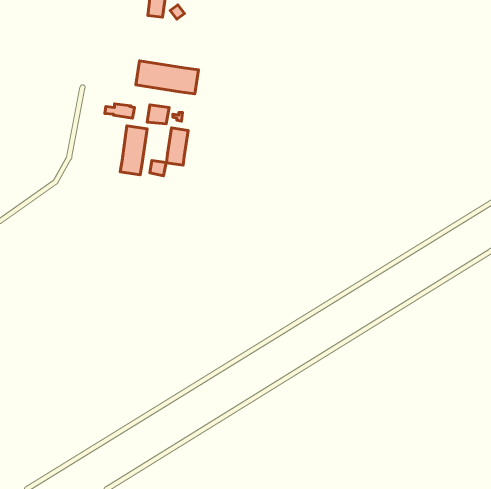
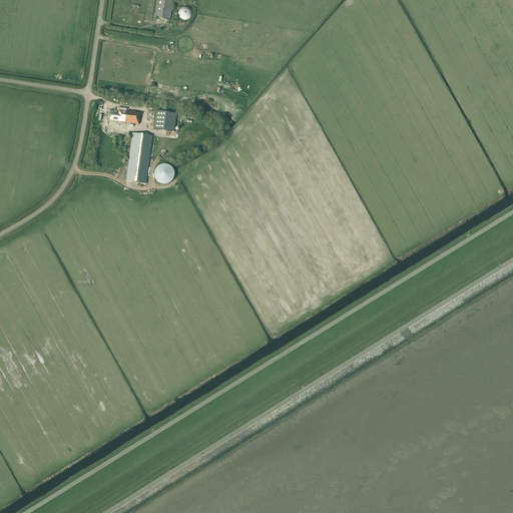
building: [136,61,199,94] -> none
building: [166,128,188,165] -> none

